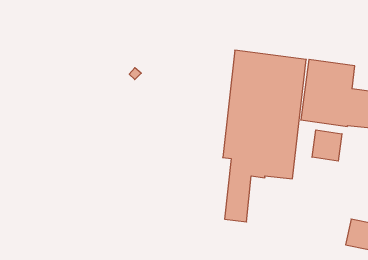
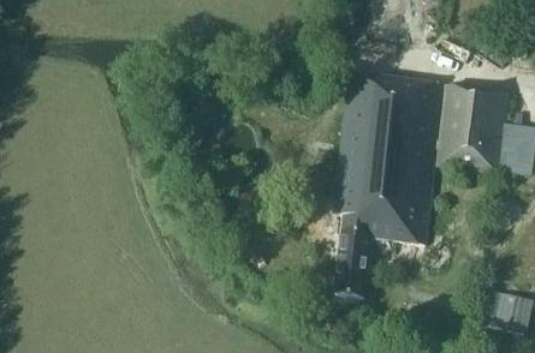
building: [312,130,342,161] -> none

